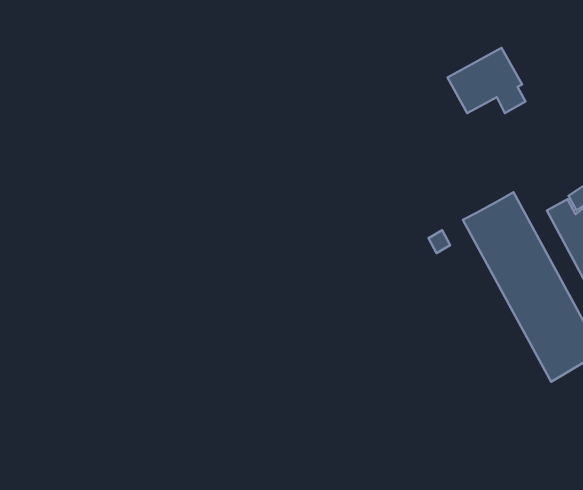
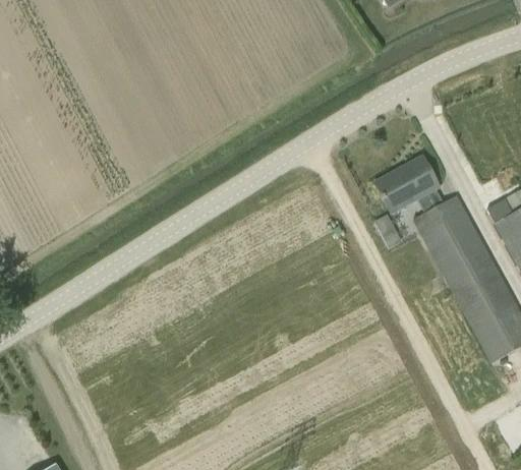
building: [447,48,526,113] -> [374,155,444,213]

